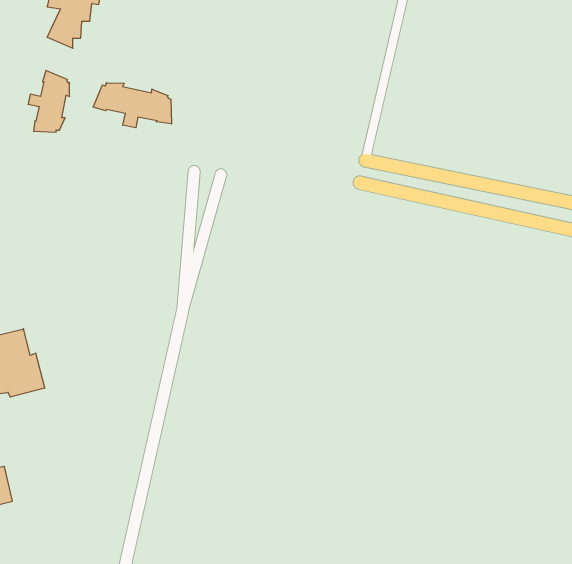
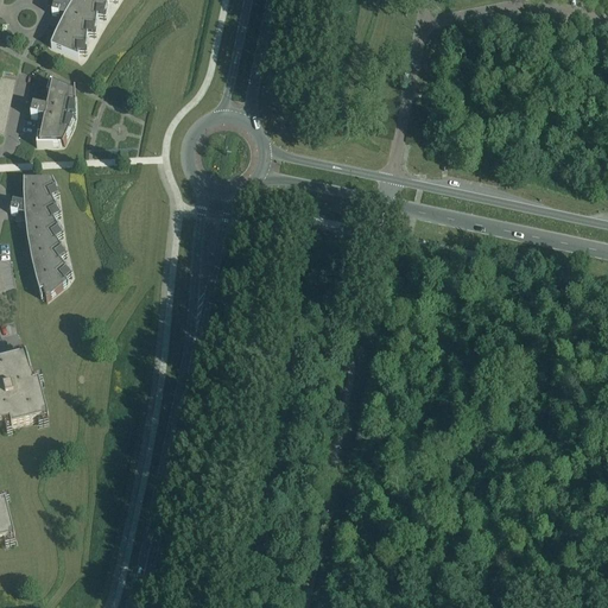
building: [93,83,171,128] -> none
building: none -> [10,173,66,297]

